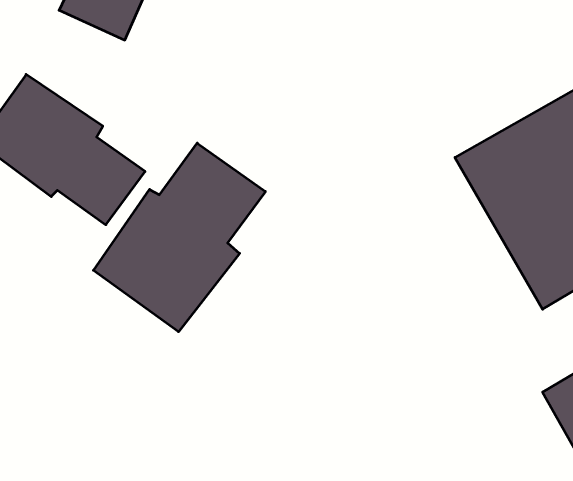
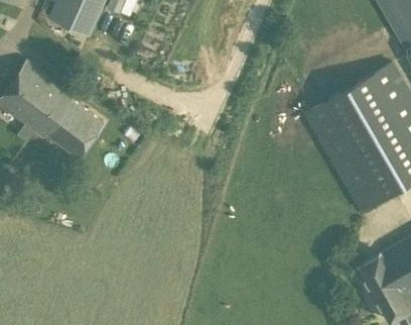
building: [93,143,265,332] -> none

